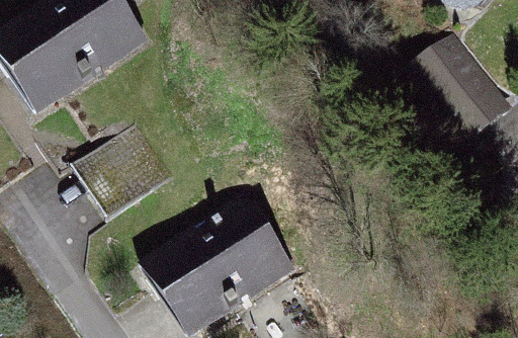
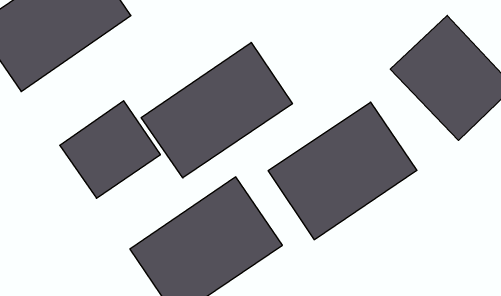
building: none -> [141,42,292,178]
building: none -> [268,102,417,240]

